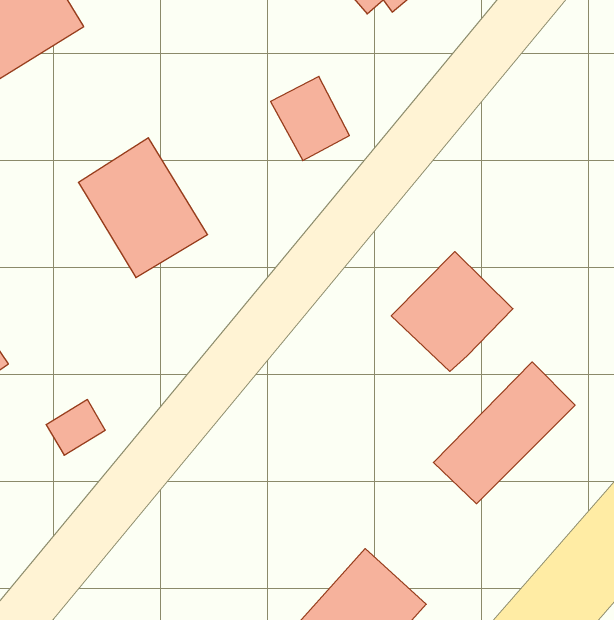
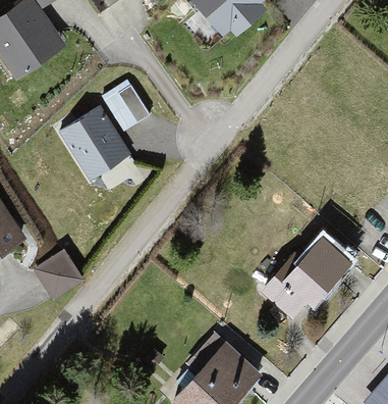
building: [271,76,349,161] -> [108,81,153,129]
building: [391,252,513,371] -> none

